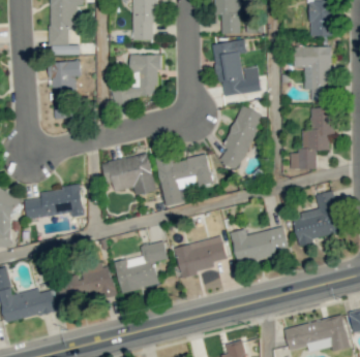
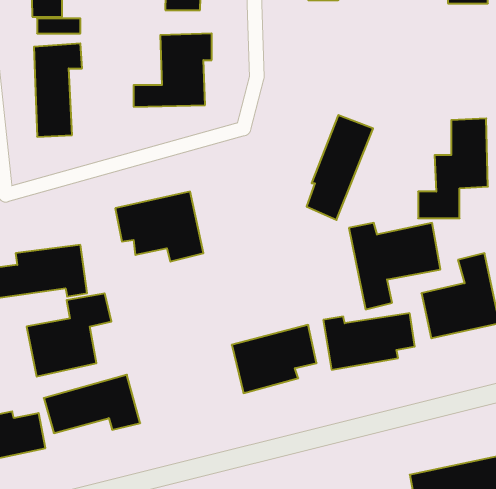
building: [214,39,261,95] -> none
building: [294,45,331,100] -> none
building: [155,153,212,206] -> [349,223,440,309]
building: [115,240,168,292] -> [27,293,111,377]

